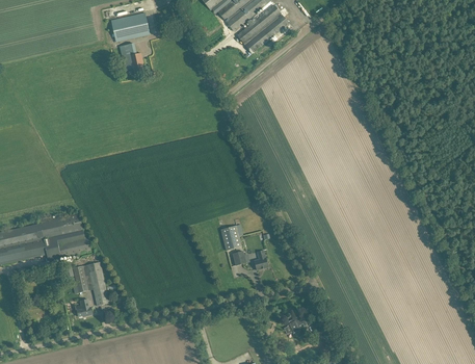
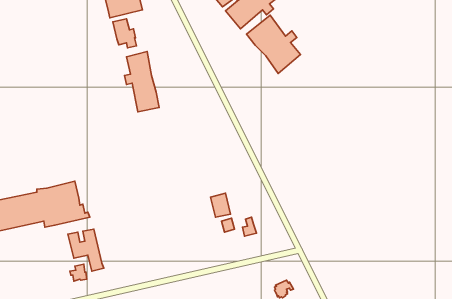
building: none -> [246,15,301,73]
building: none -> [125,52,159,112]

